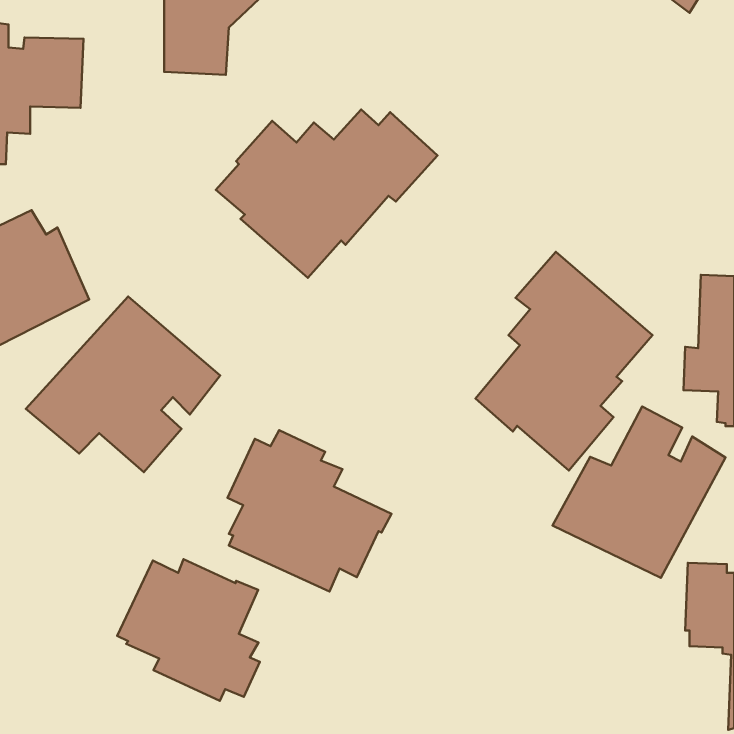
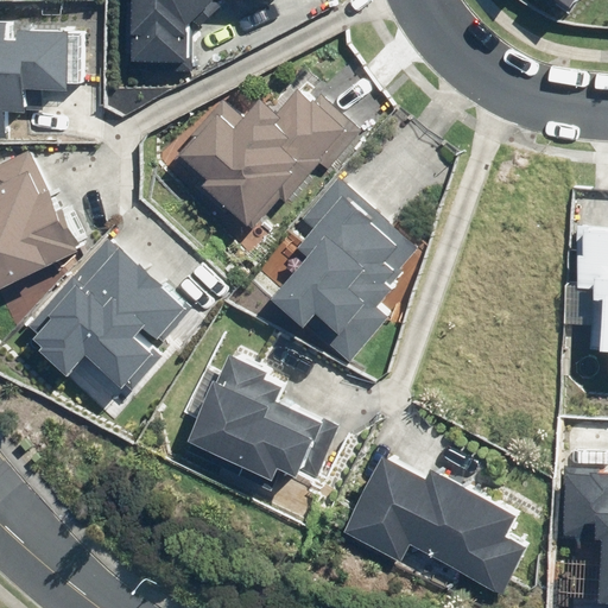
building: [475,252,652,470] -> [272,178,418,359]
building: [553,407,725,578] -> none
building: none -> [346,457,527,593]
building: [117,559,260,701] -> none

